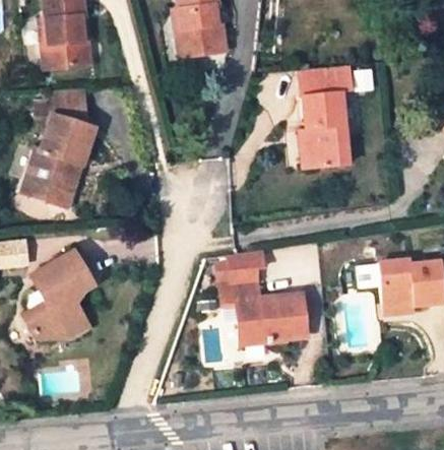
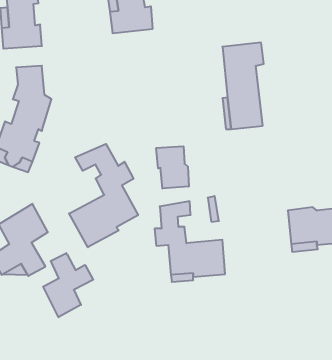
building: none -> [69,144,138,247]
building: none -> [156,146,189,189]
building: none -> [43,253,93,317]

